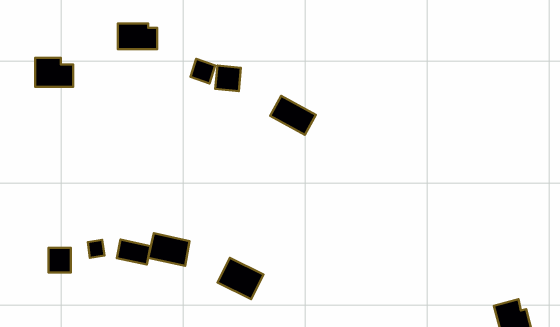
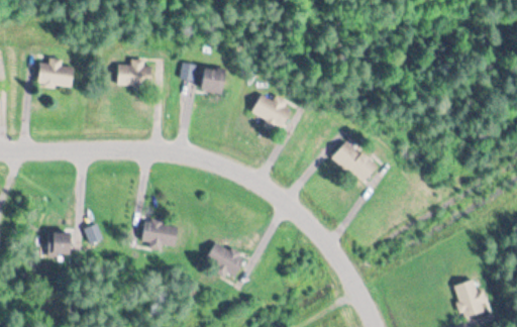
building: [118,23,157,49] -> [117,62,152,85]
building: none -> [332,140,378,184]
building: [117,240,151,264] -> none

